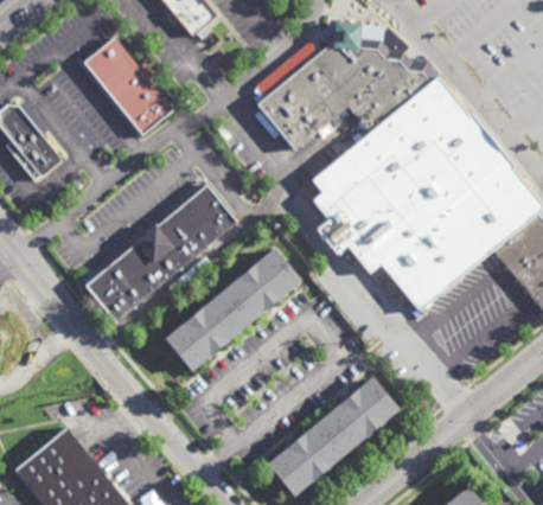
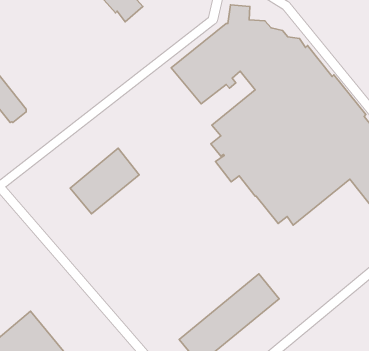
building: [79,36,172,136] -> none
building: [183,188,236,244] -> none
building: [164,248,300,372] -> none
building: [85,262,147,324] -> none

